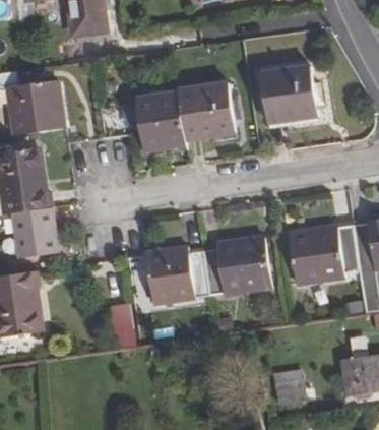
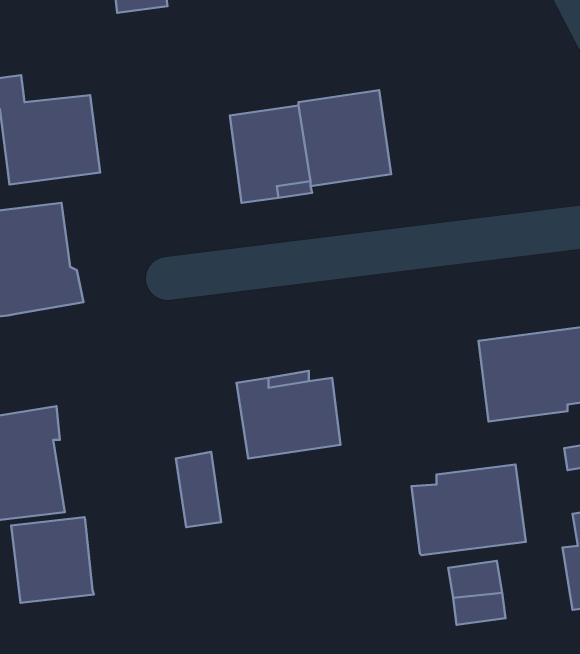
building: [261,68,320,125] -> none
building: [12,209,59,260] -> none
building: [203,242,272,297] -> [411,464,526,555]
building: none -> [11,517,94,603]

